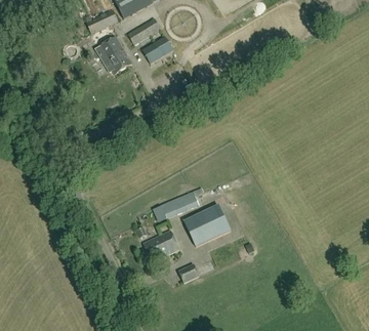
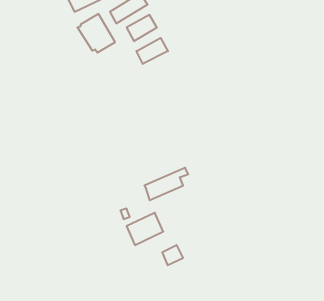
building: none -> [136,38,168,64]
building: [183,206,228,245] -> none

